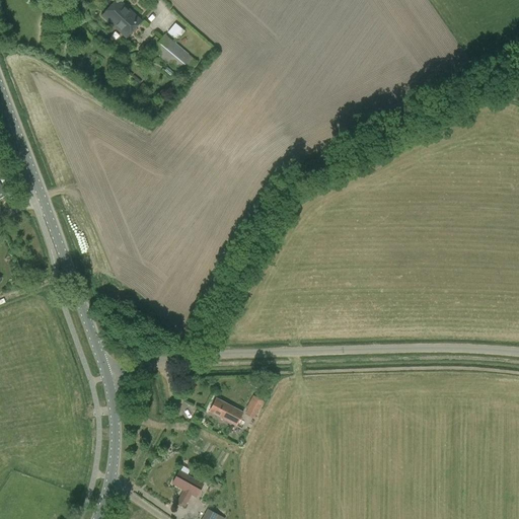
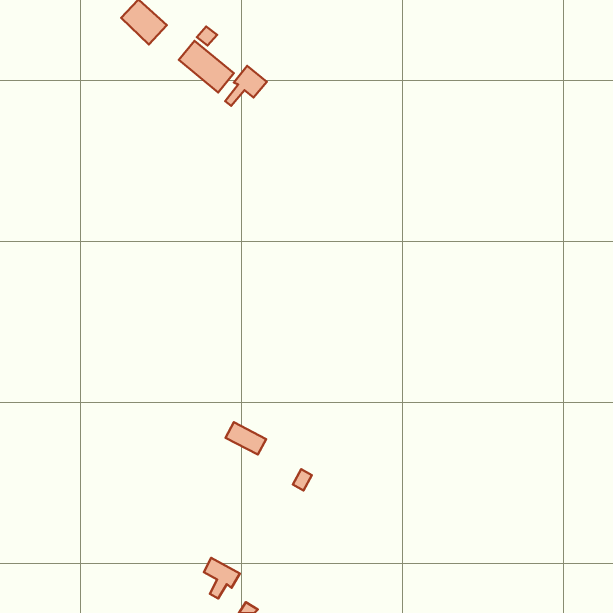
building: none -> [225,66,267,106]
building: [209,398,243,426] -> [226,422,266,455]

